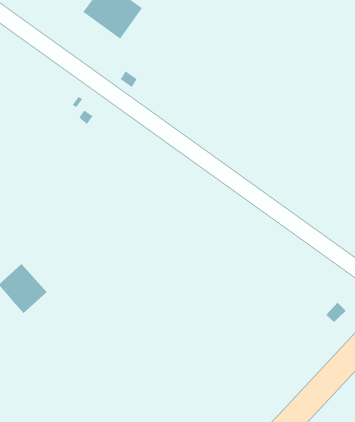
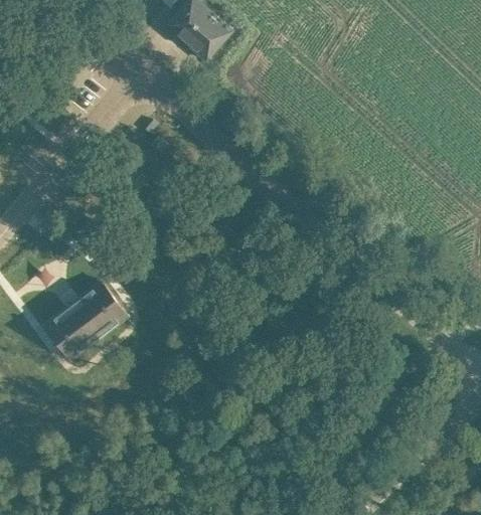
building: none -> [70,280,126,337]

